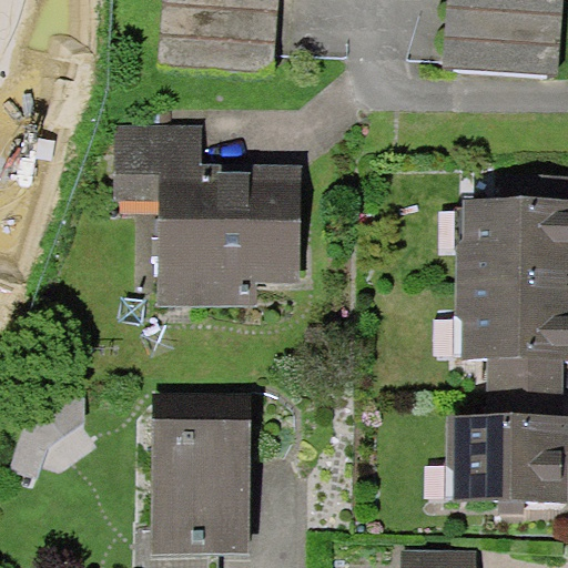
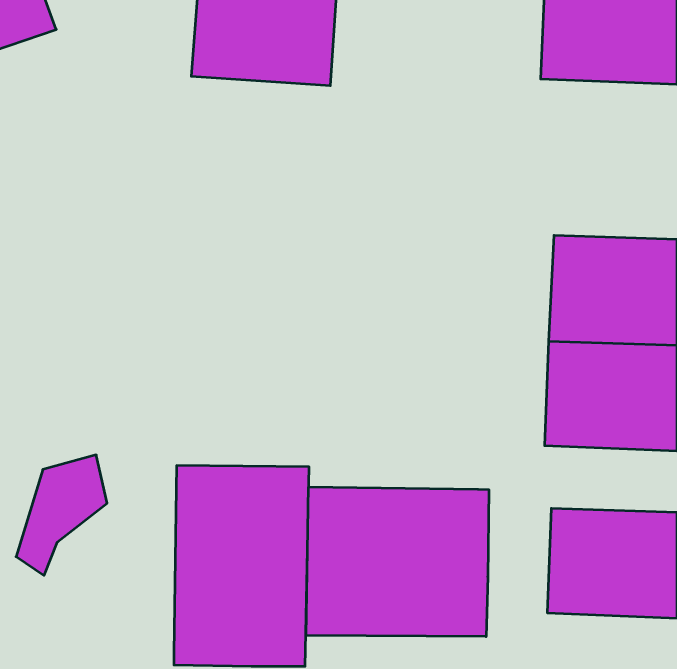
building: [118,123,302,302] -> none
building: none -> [306,487,489,637]

